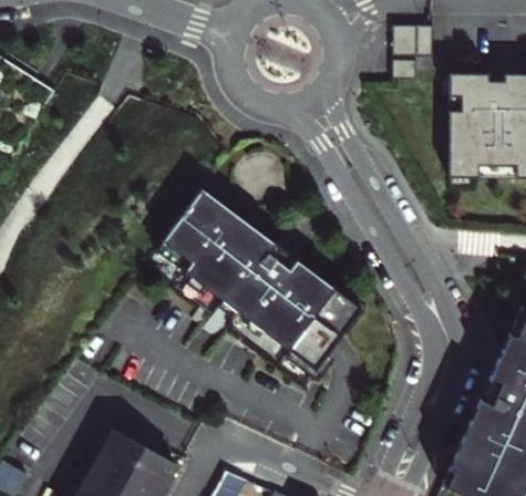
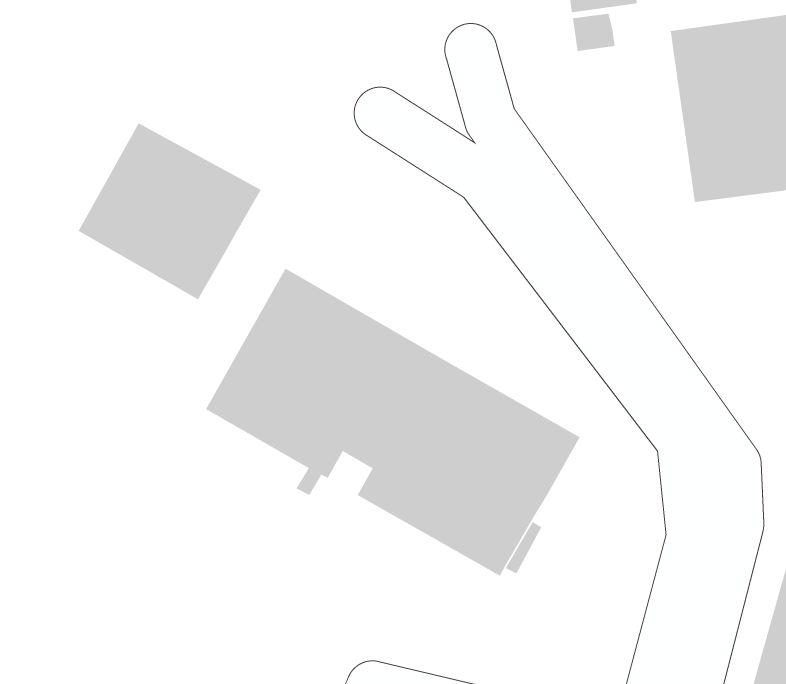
building: none -> [78,122,262,300]

